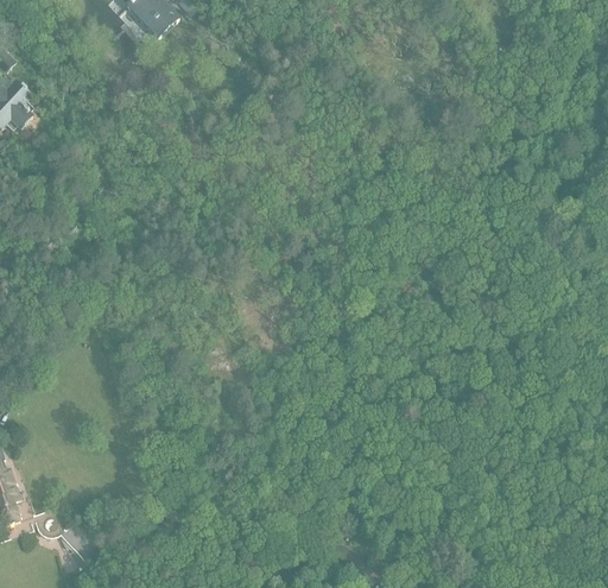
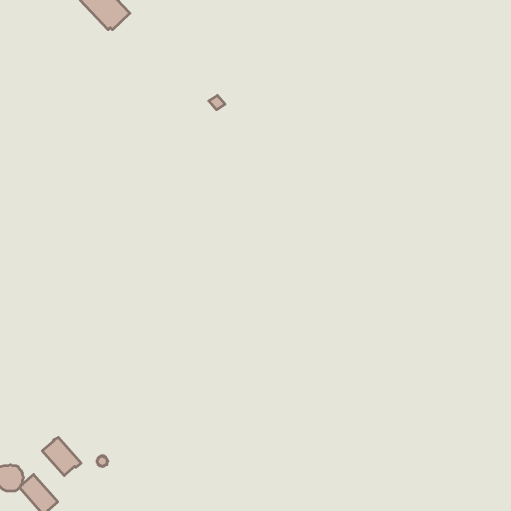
building: none -> [42,437,81,476]

